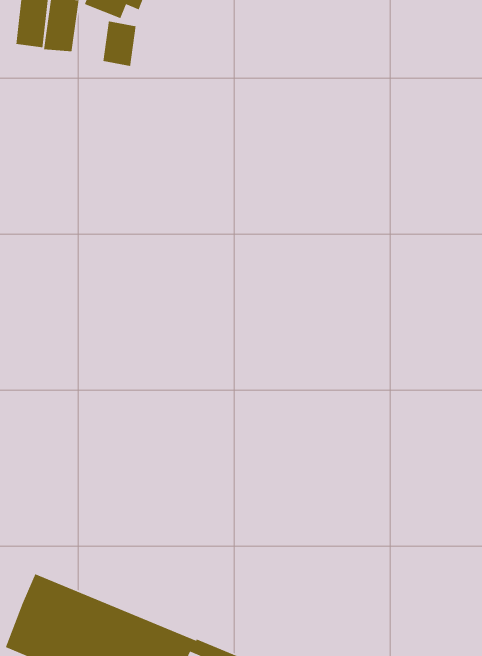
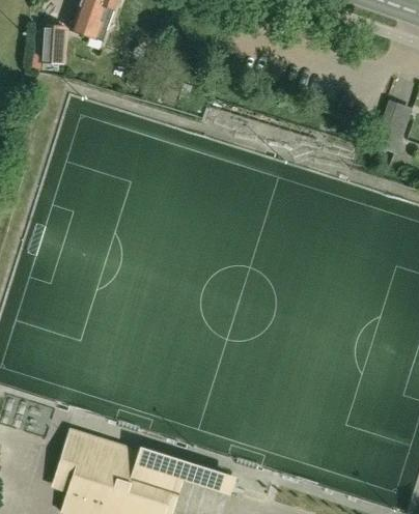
building: [102,21,137,67] -> none

